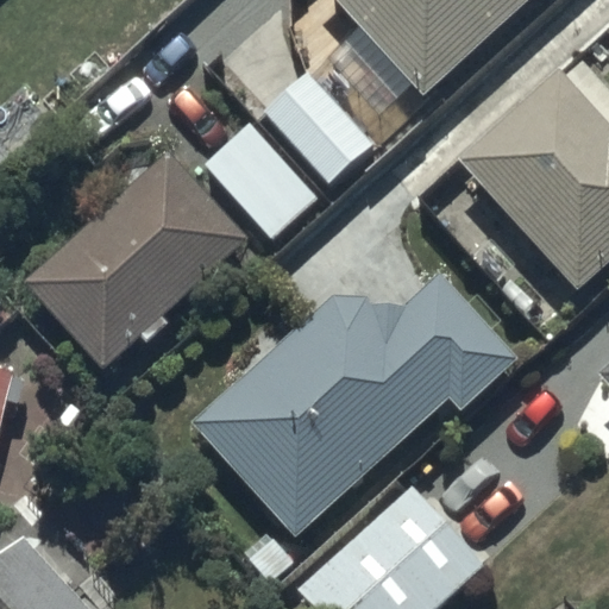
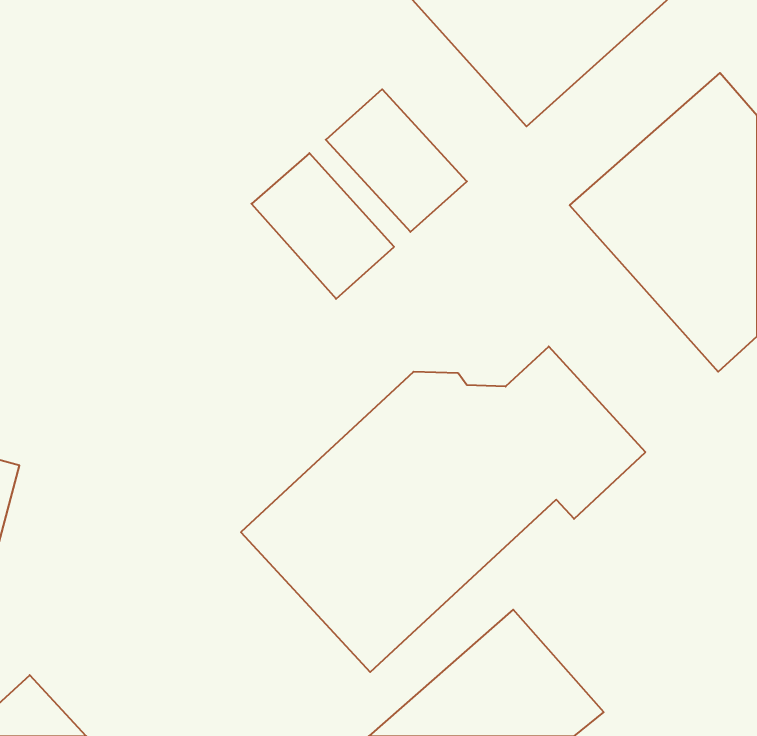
building: [25,157,245,371] -> none

